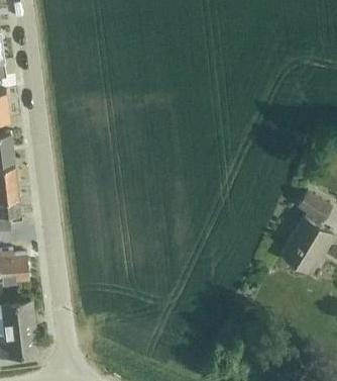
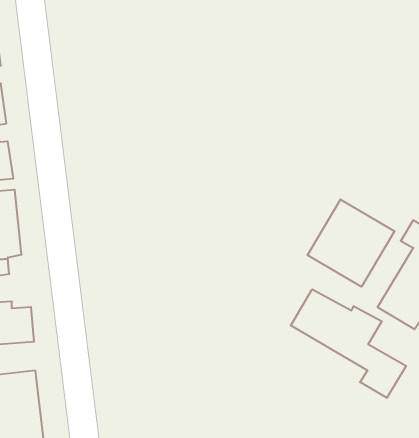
building: none -> [307,199,394,287]
building: none -> [291,289,406,398]

